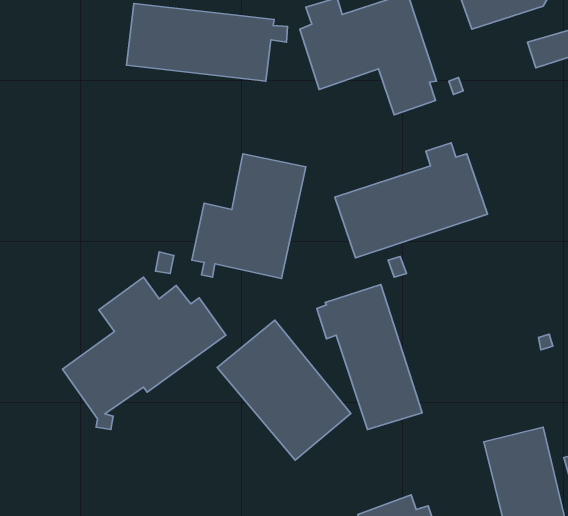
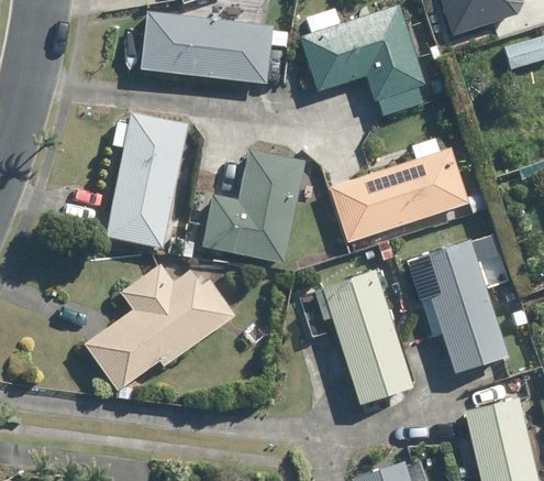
building: none -> [104,114,188,251]
building: none -> [410,239,507,372]
building: [217,320,351,460] -> none

